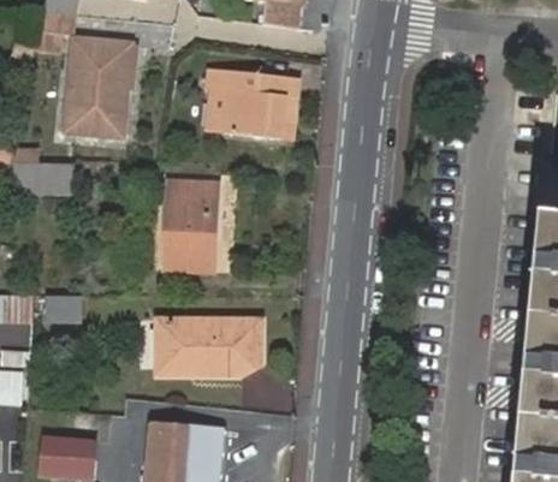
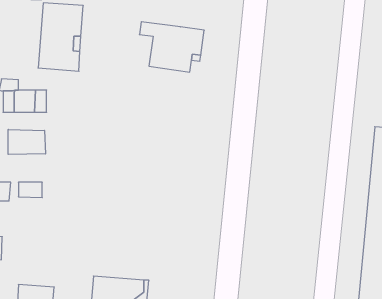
building: [174,184,222,274] -> none
building: none -> [8,129,45,154]
building: [159,316,262,370] -> none

